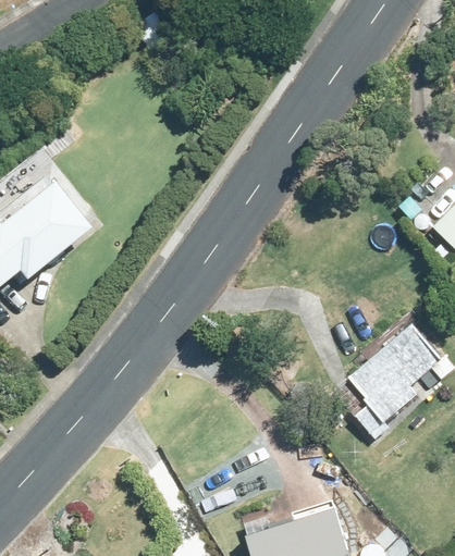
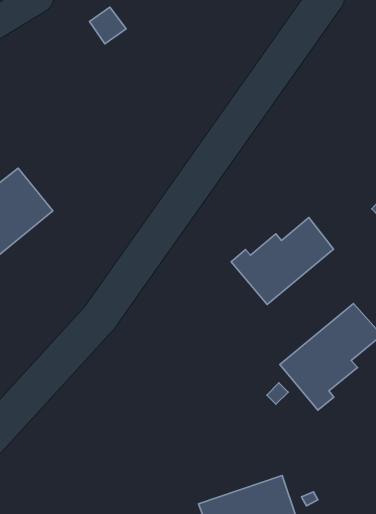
building: none -> [231,218,333,304]

